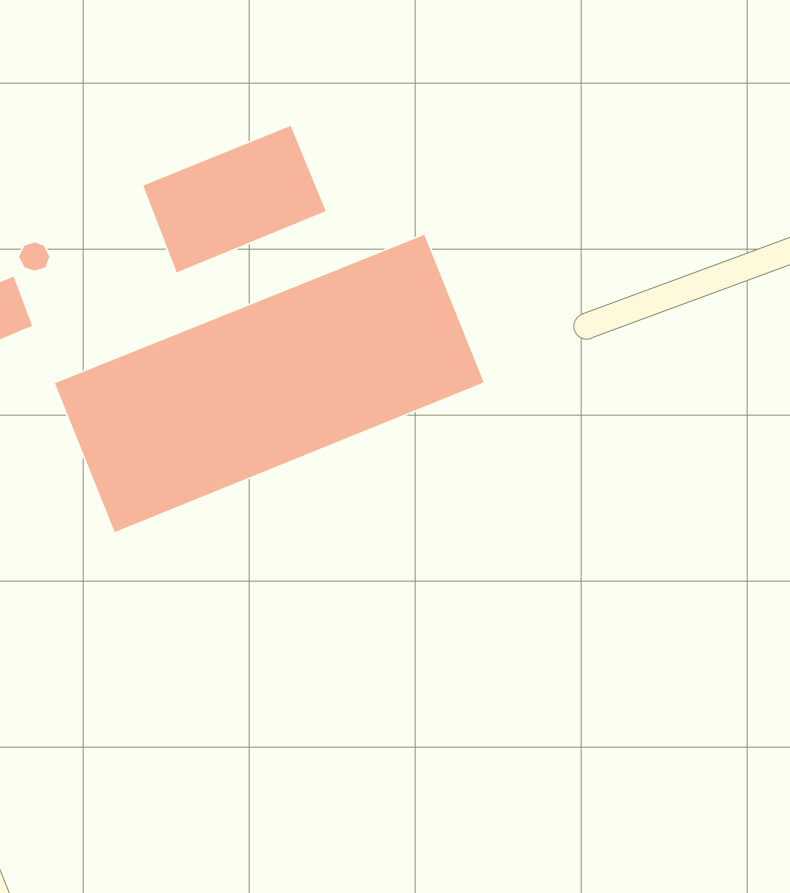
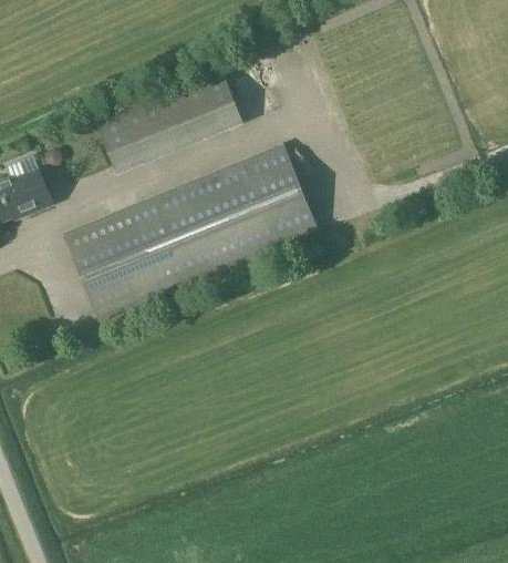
building: none -> [204,72,243,131]
building: none -> [97,115,136,174]

